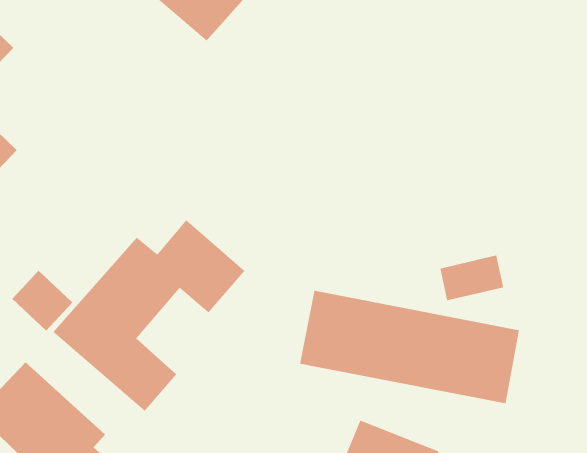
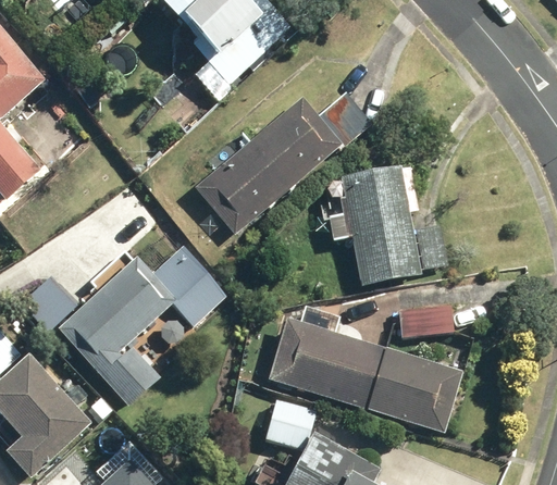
building: none -> [193,96,362,235]
building: none -> [309,171,441,295]
building: none -> [264,397,317,448]

